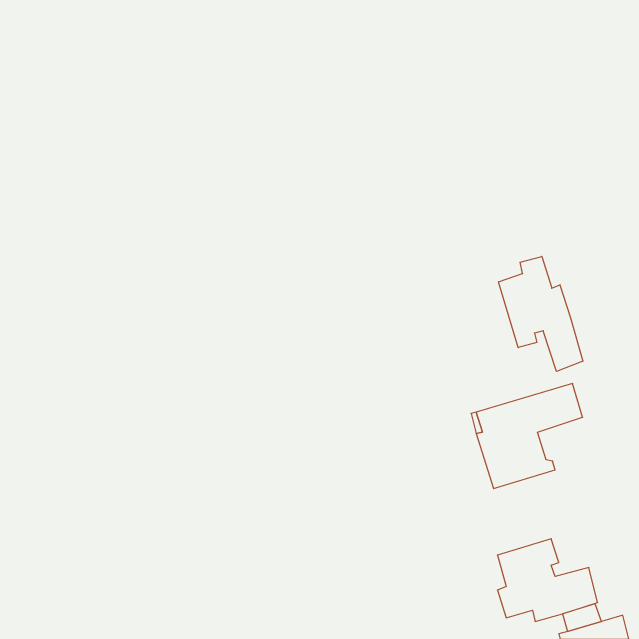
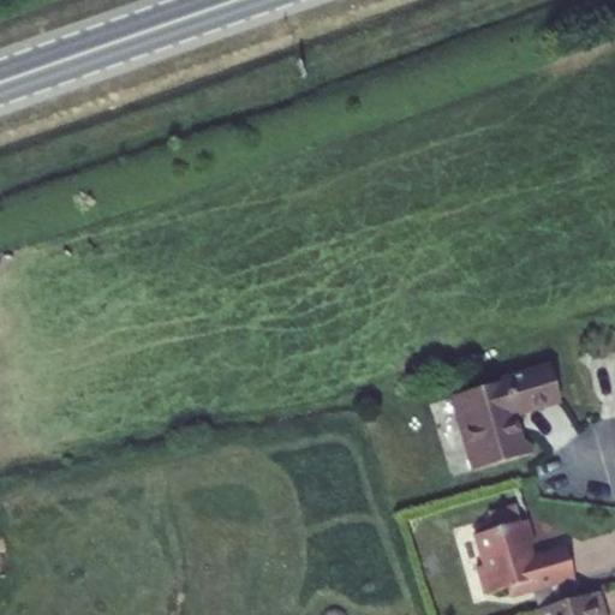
building: [499,256,583,371] -> none

